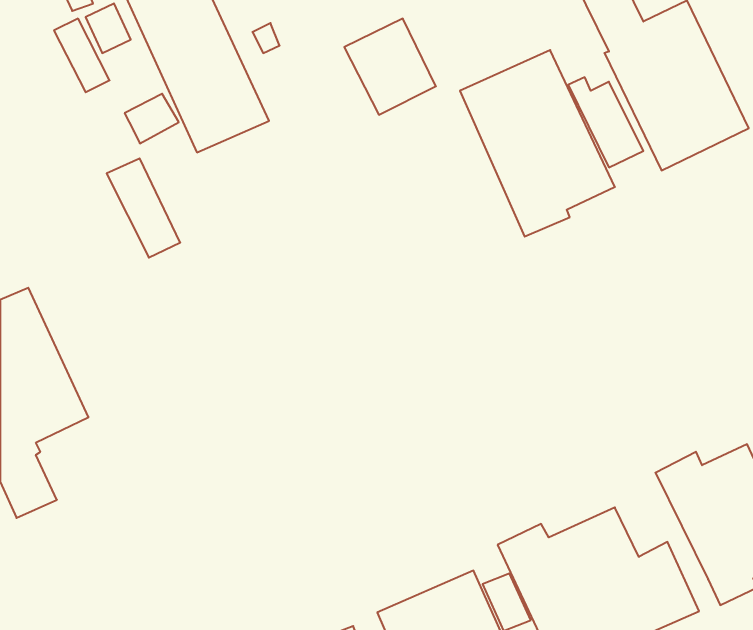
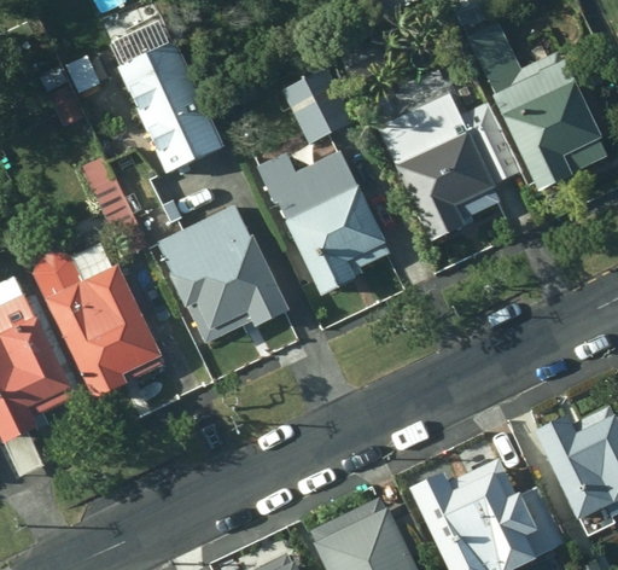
building: none -> [255,150,389,295]
building: none -> [156,204,290,337]
building: none -> [31,248,164,397]

